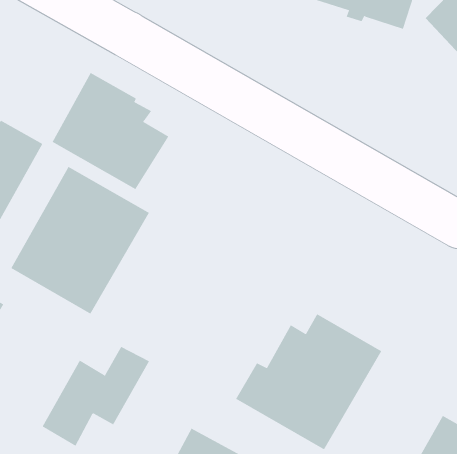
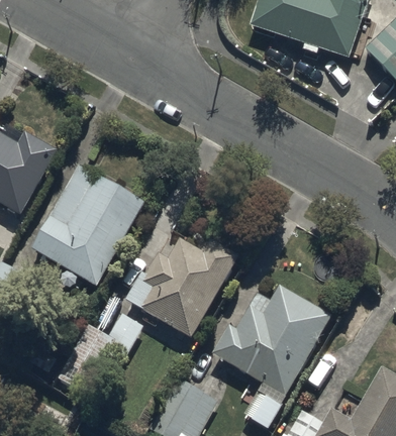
building: [52,72,169,190] -> none
building: none -> [125,237,238,337]

